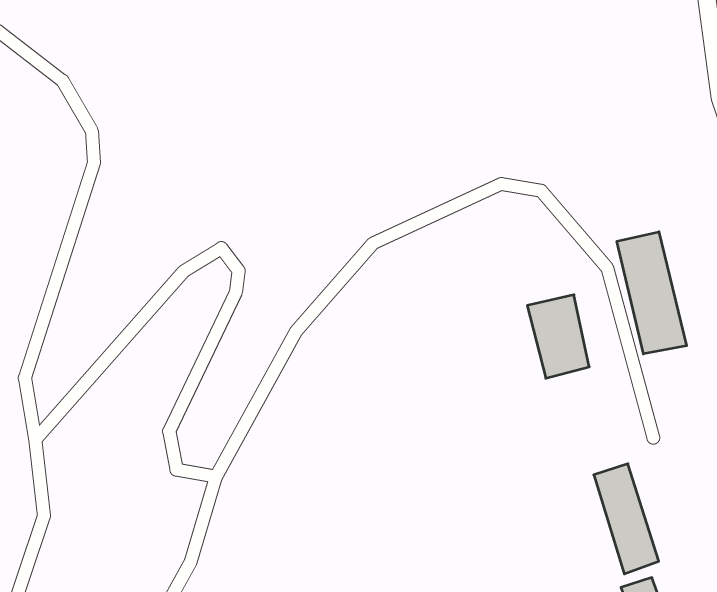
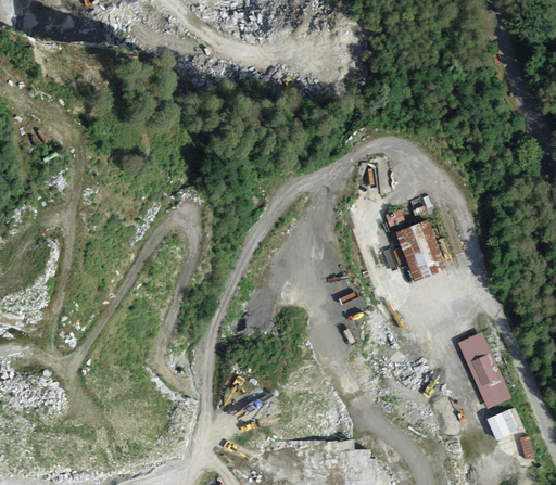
building: [617,232,687,354] -> none

